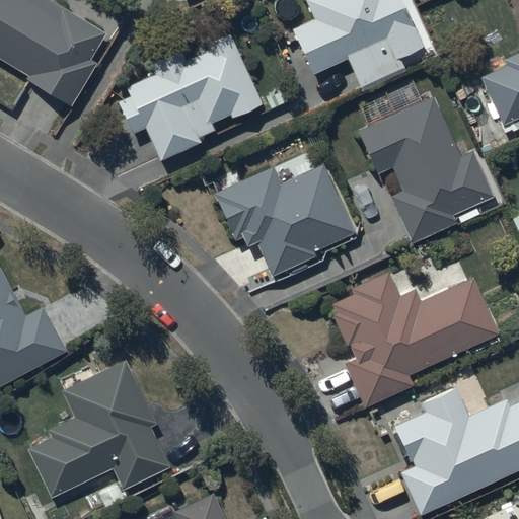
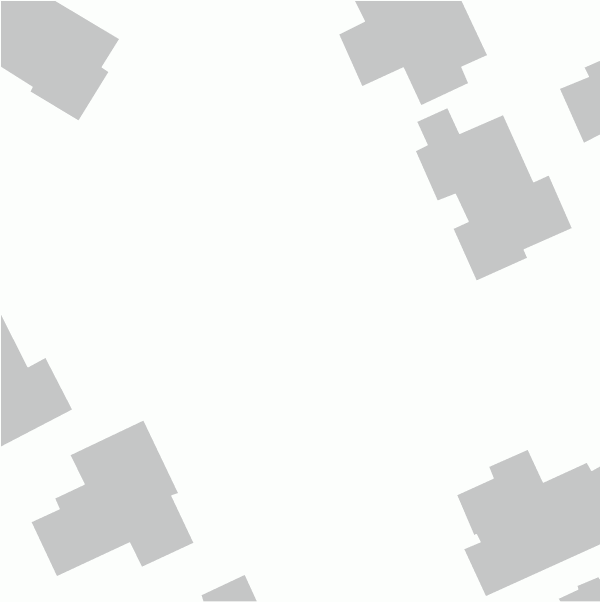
building: [119,34,262,161] -> none
building: [214,164,356,277] -> none
building: [332,273,499,409] -> none

